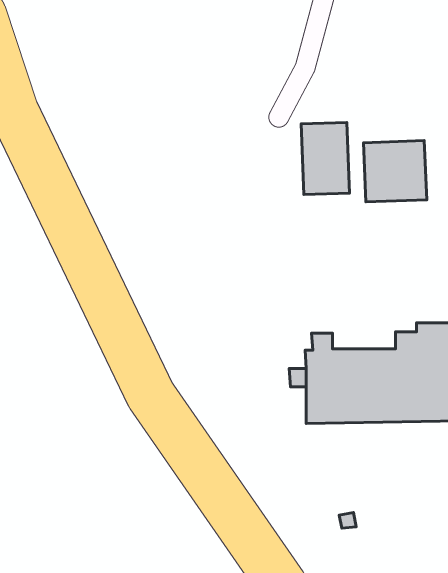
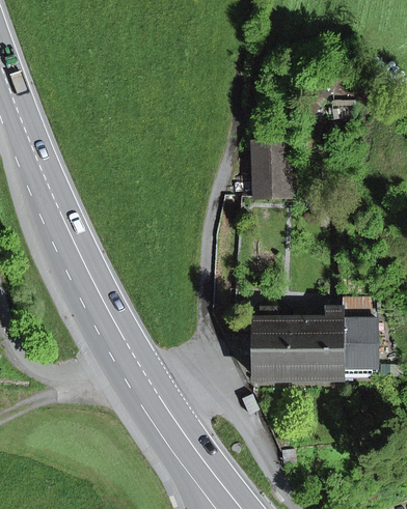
building: [363,141,427,202] -> none

